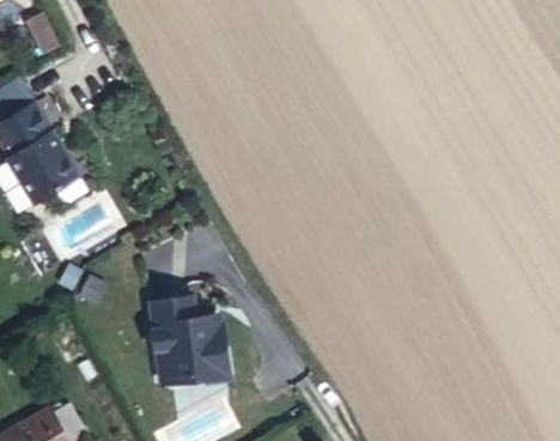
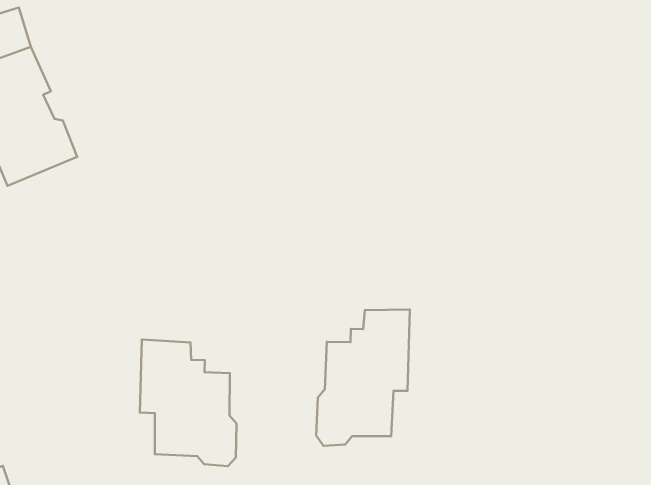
building: none -> [316,309,410,446]

